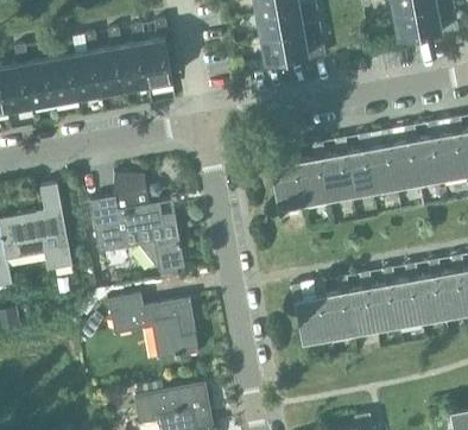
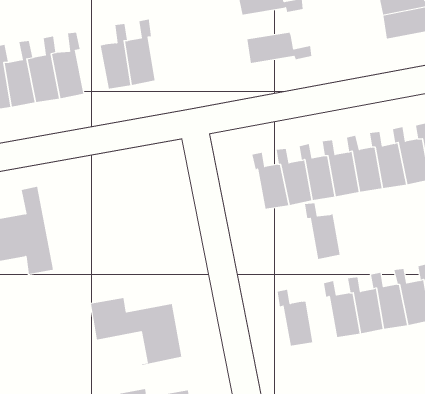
building: [257,12,322,43] -> none
building: [94,31,126,96] -> none
building: [90,176,186,280] -> none
building: [314,284,349,340] -> [304,203,341,260]

